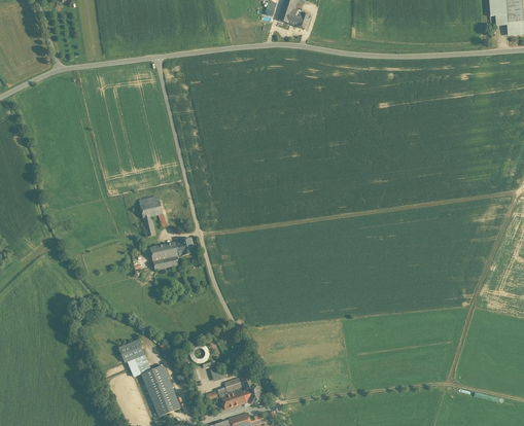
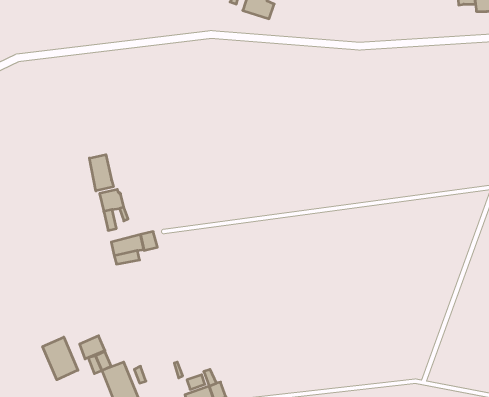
building: none -> [89,155,113,191]
building: none -> [43,337,78,380]

